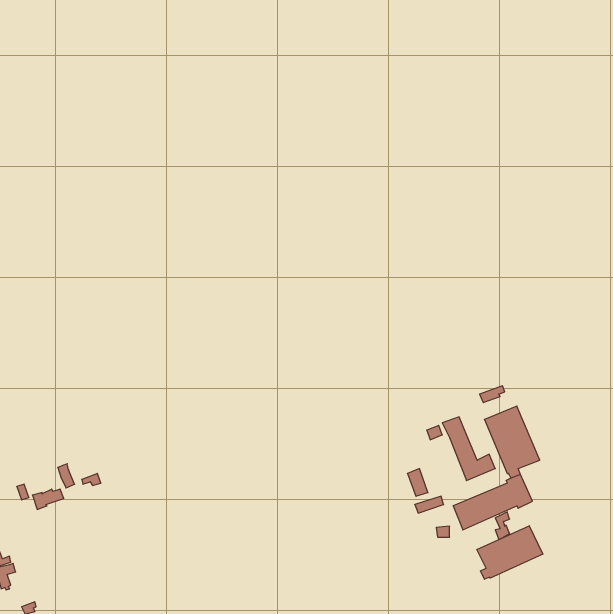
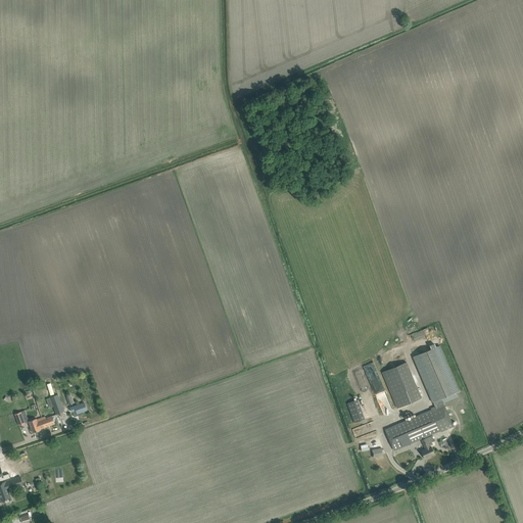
building: [477,526,543,579] -> none

